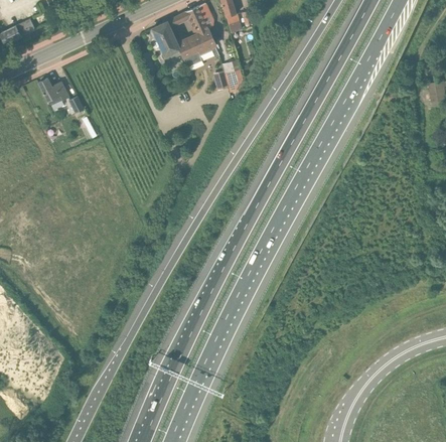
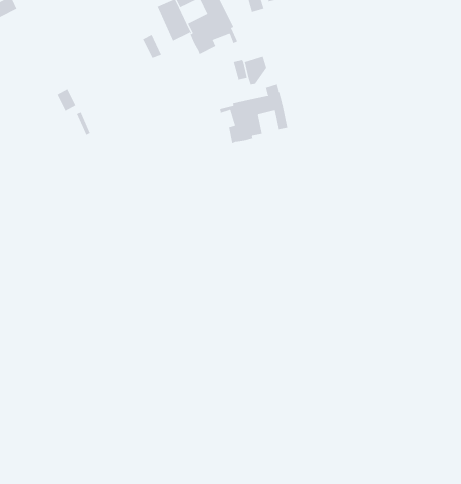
building: [38,78,68,102] -> none
building: none -> [219,84,288,144]

